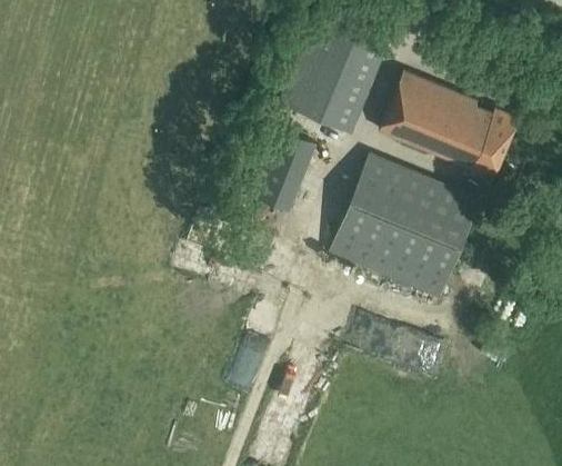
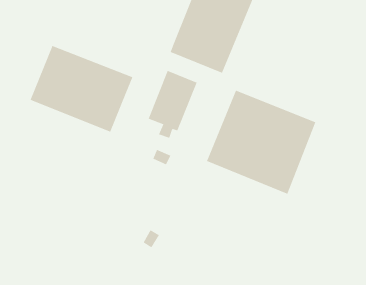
building: [380,72,518,179] -> none
building: none -> [30,45,133,132]

